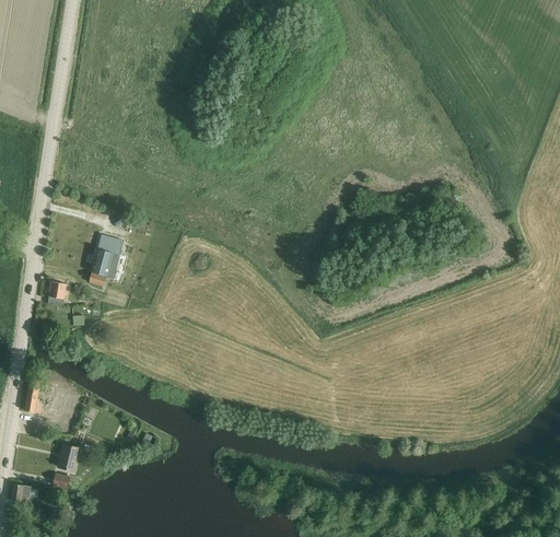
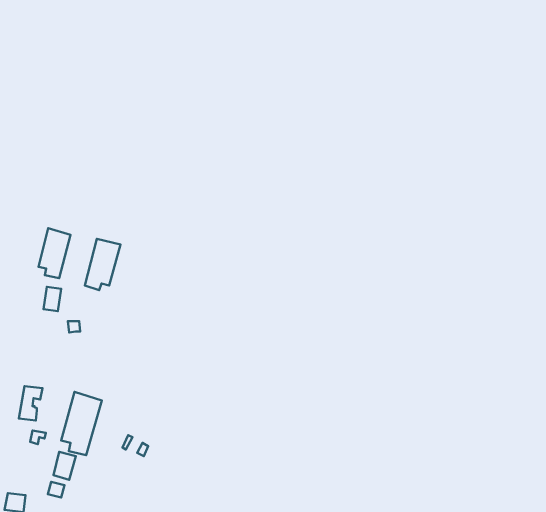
building: none -> [38,228,71,278]
building: none -> [61,392,102,455]

